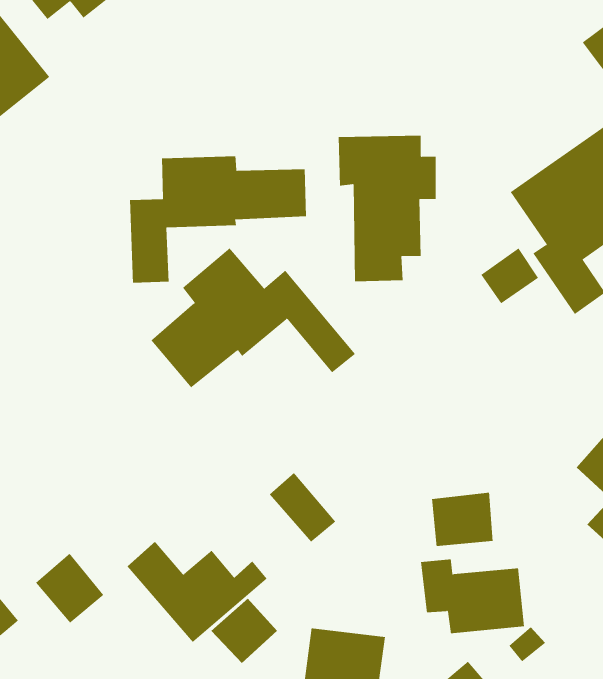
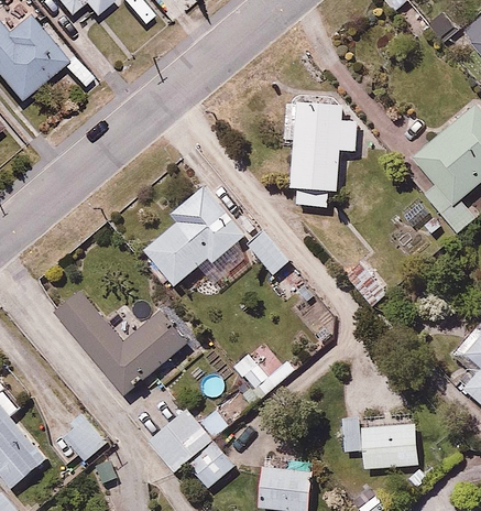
building: [130,155,307,284] -> none
building: [481,247,539,304] -> none
building: none -> [48,281,189,400]
building: [431,492,493,547] -> none

